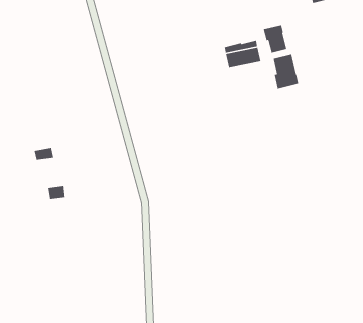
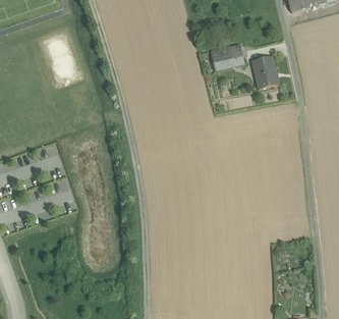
building: [263,25,287,53] -> none

